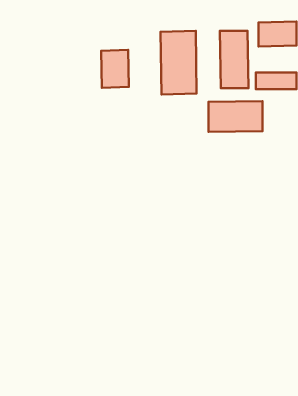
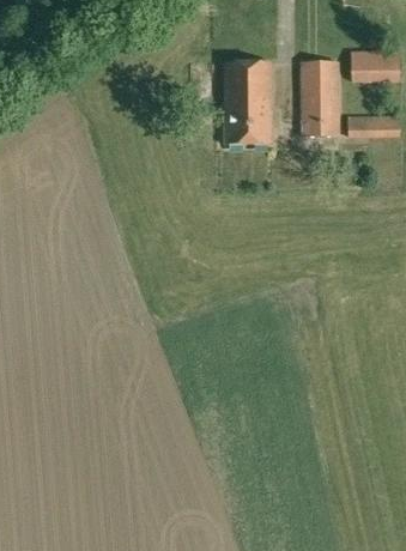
building: [101,50,129,88] -> none
building: [208,101,263,132] -> none

